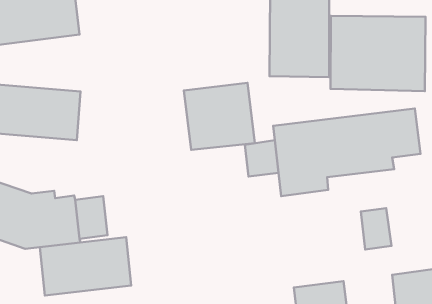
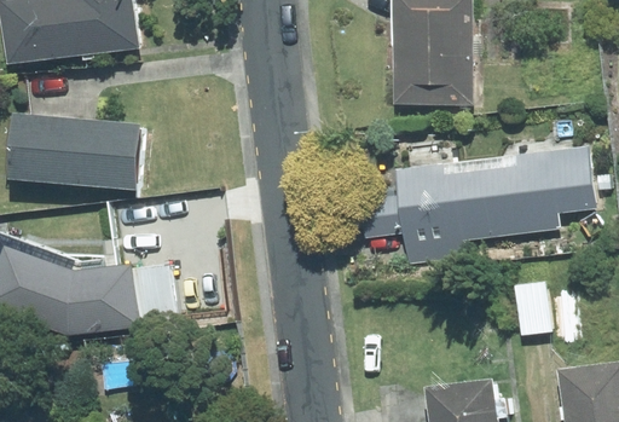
building: [330,16,425,91] -> none
building: [184,83,255,150] -> none
building: [40,237,131,296] -> none

